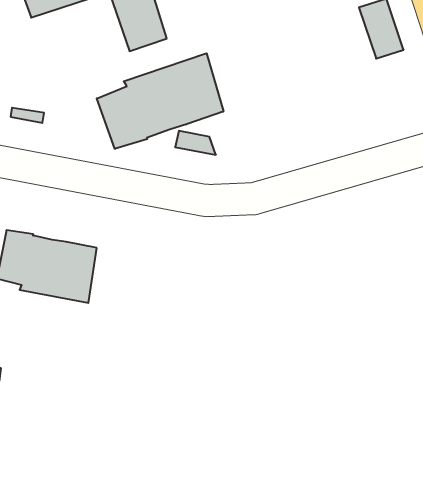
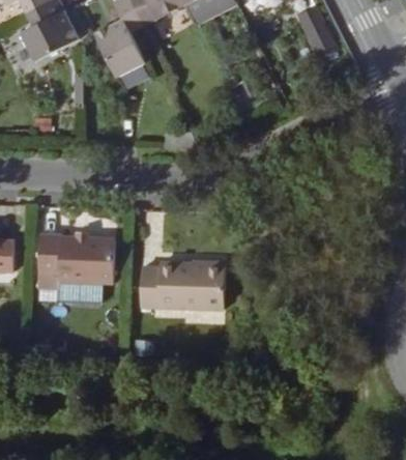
building: [97,53,223,149] -> none
building: none -> [141,262,225,308]

